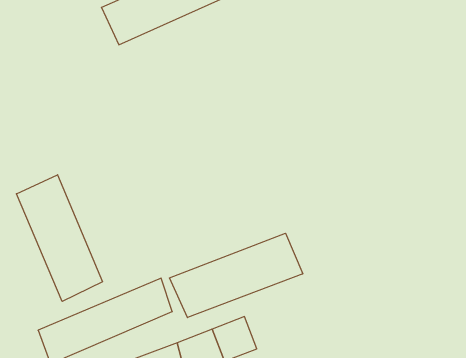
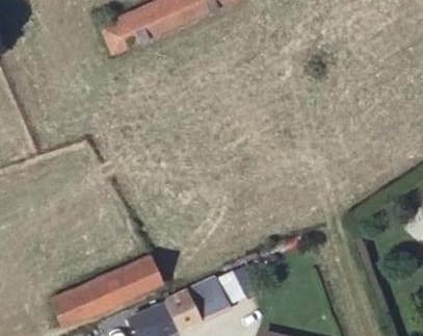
building: [16,175,102,301] -> none
building: [169,233,303,318] -> none

